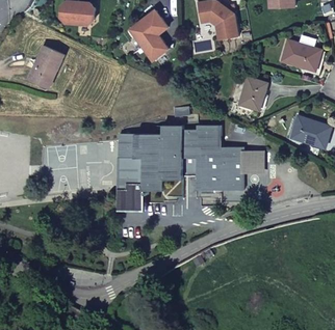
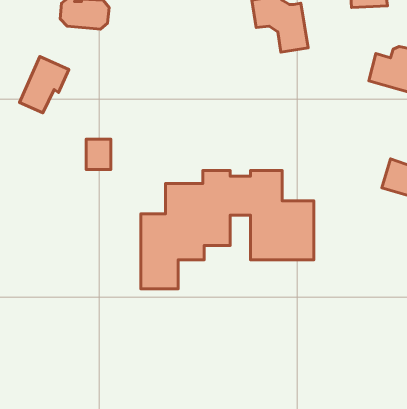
building: [129,10,169,61] -> none
building: [239,77,267,111] -> none
building: [118,135,135,157] -> [86,139,111,169]
building: [253,150,267,180] -> none

